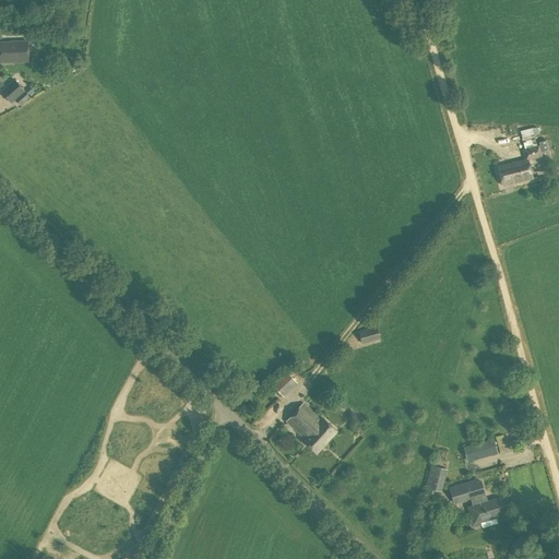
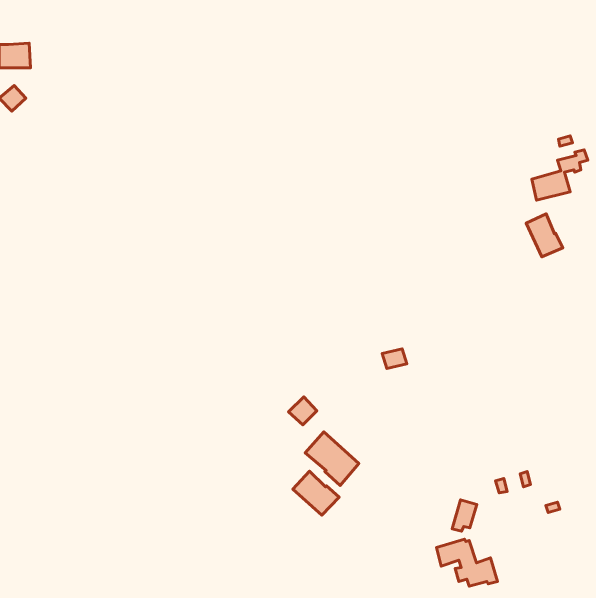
building: none -> [526,214,563,257]
building: none -> [293,471,339,515]
building: [449,479,506,523] -> [437,539,497,586]

